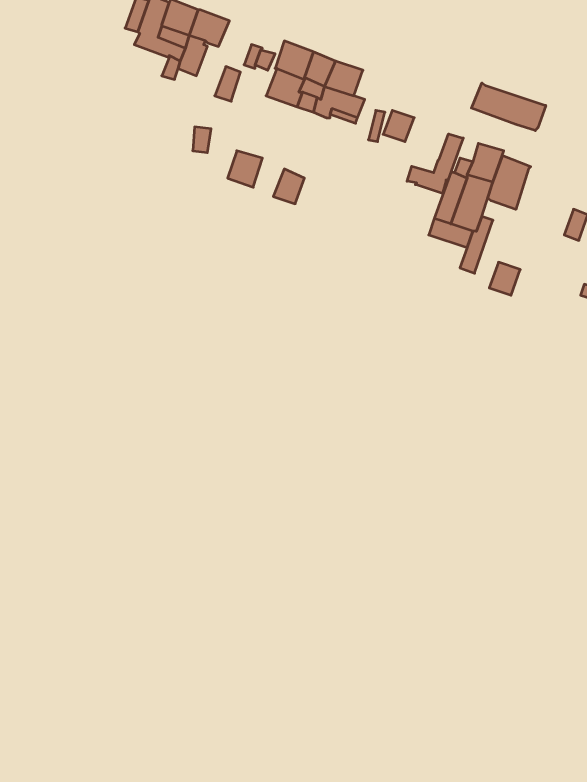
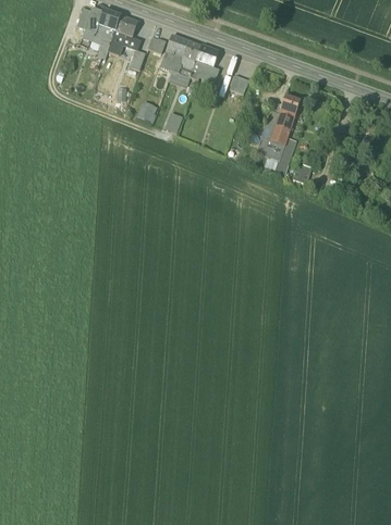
building: [471,83,546,131] -> none
building: [407,134,463,194] -> none
building: [488,156,531,209] -> none

